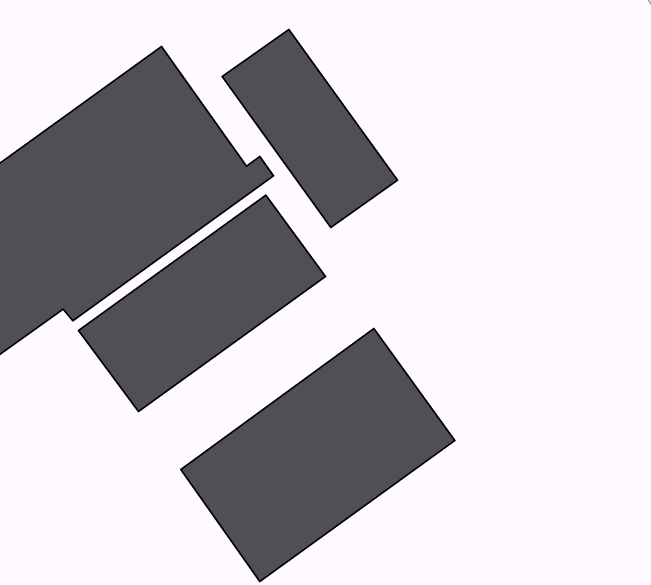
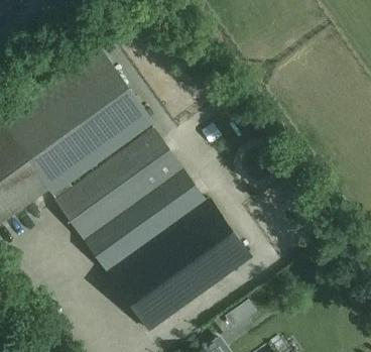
building: [222,29,398,227] -> none
building: none -> [86,170,205,271]

